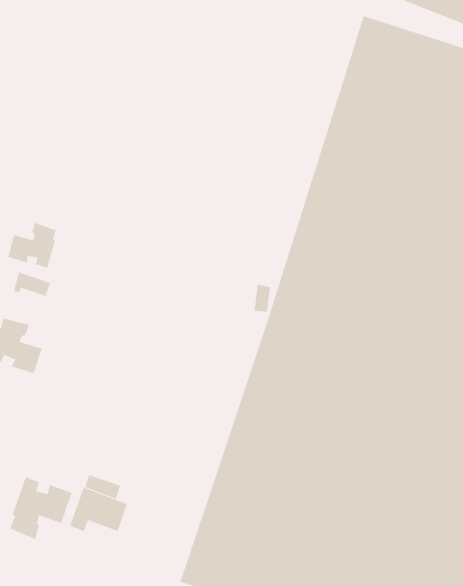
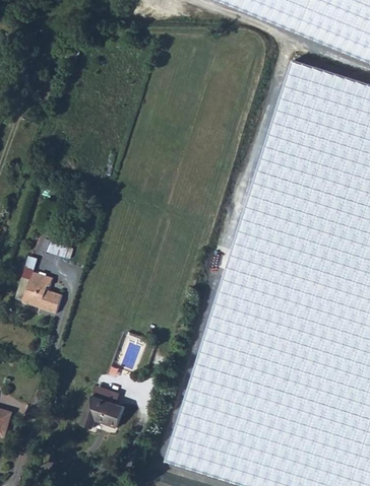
building: [8,222,56,268] -> none
building: [10,477,72,540] -> none

